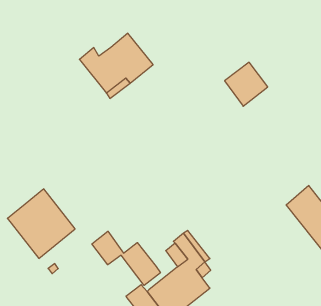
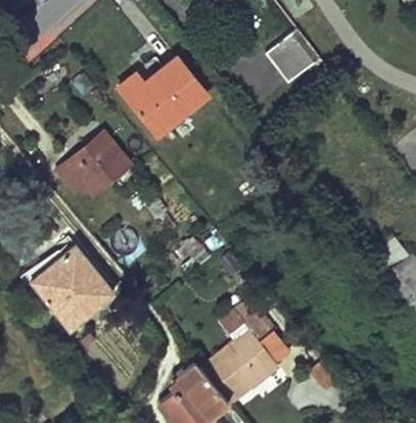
building: [225,62,268,106] -> [267,30,319,83]
building: none -> [57,133,130,193]
building: [92,231,160,285] -> none

